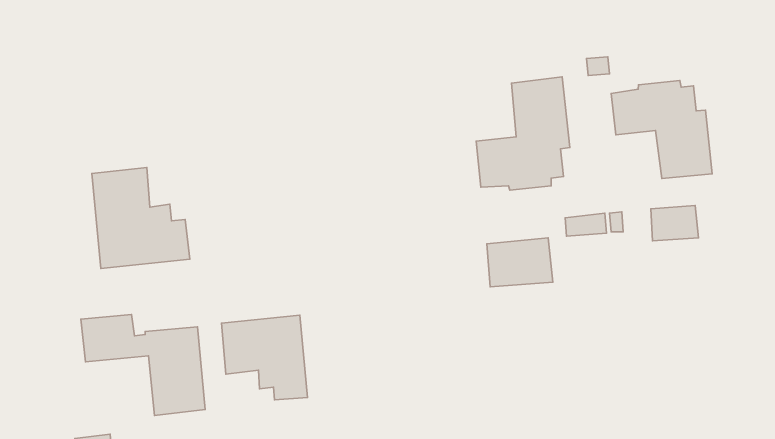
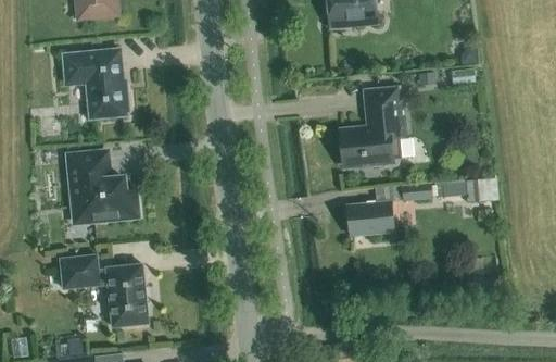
building: none -> [63,50,130,120]
building: [611,80,712,179] -> none
building: [222,315,307,400] -> none

